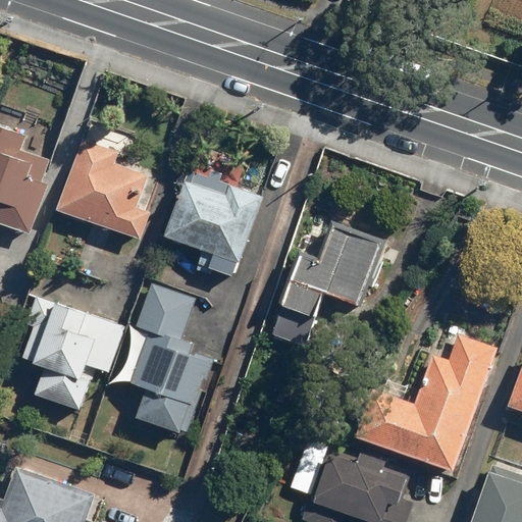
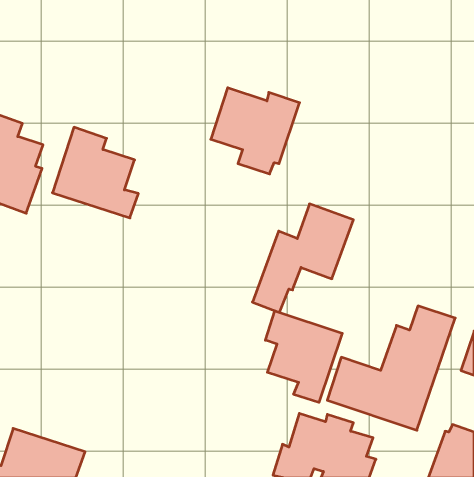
building: [167,180,264,274] -> [211,88,300,174]
building: [132,282,212,432] -> none
building: [21,296,122,410] -> none
building: none -> [265,311,342,402]

